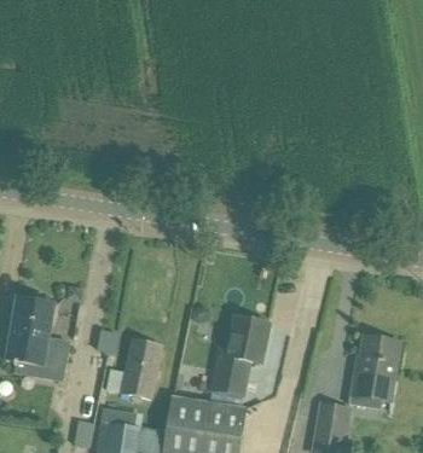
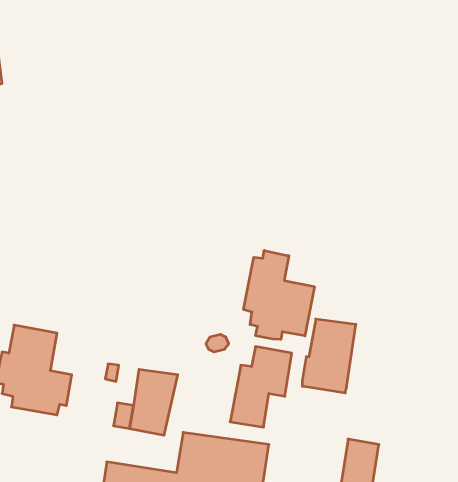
building: none -> [244,250,314,339]
building: [348,336,396,402] -> [302,319,356,393]

